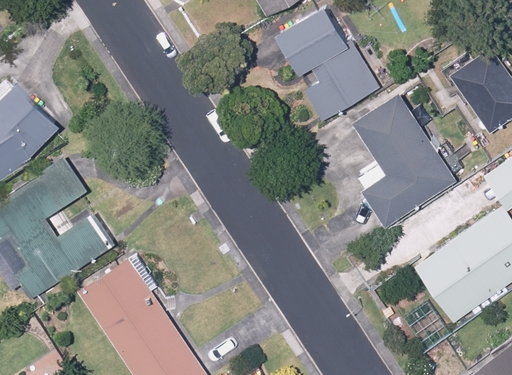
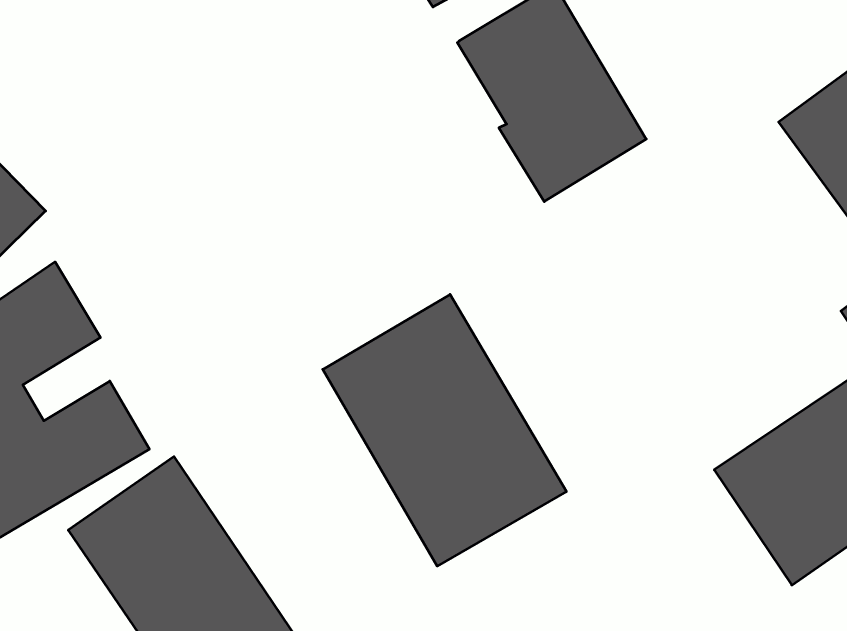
building: [353,90,459,230] -> none
building: none -> [323,294,566,566]

